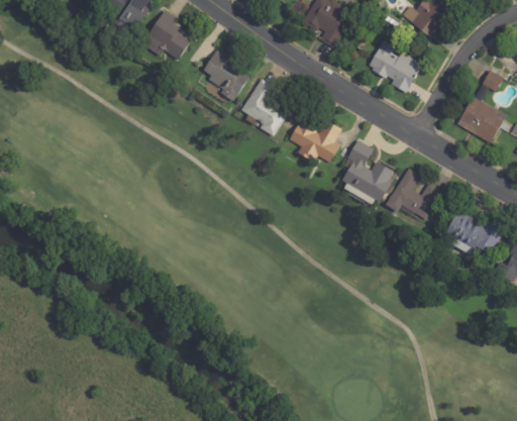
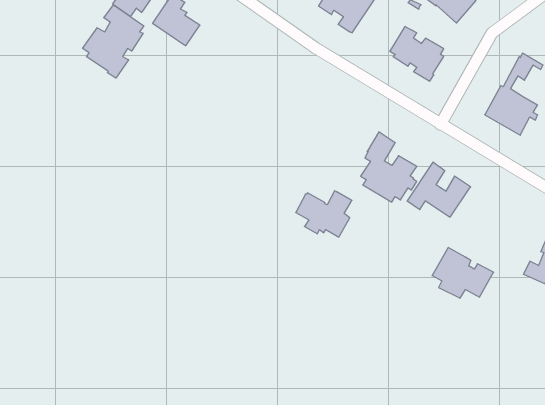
building: none -> [83,5,144,78]
building: [203,47,249,100] -> none
building: [241,78,289,136] -> none
building: [290,119,342,163] -> [296,191,352,237]
building: [445,207,503,254] -> [432,248,494,298]

